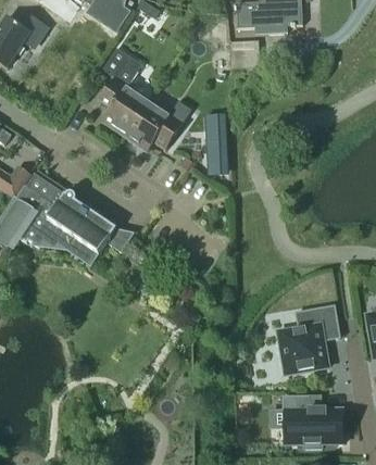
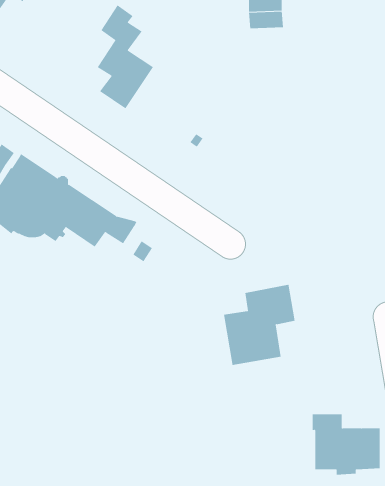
building: [124,100,190,151] -> none
building: [204,113,228,169] -> none
building: [277,304,339,374] -> [223,284,296,366]

